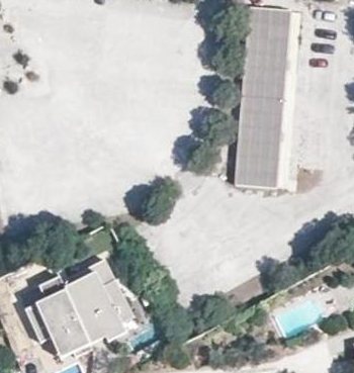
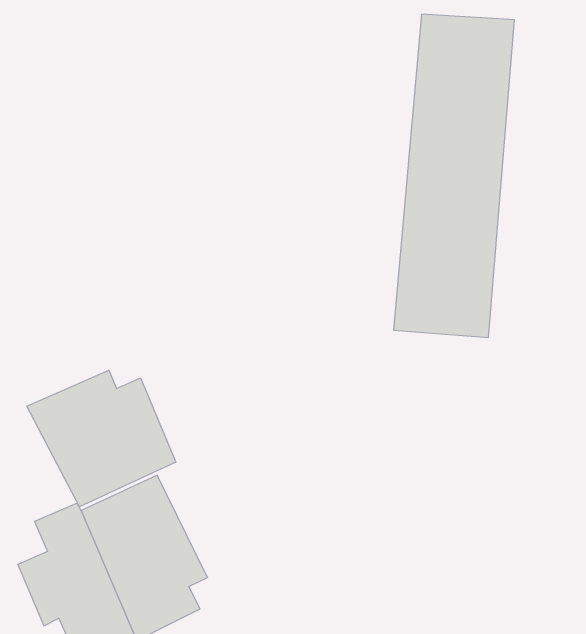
building: none -> [27,370,176,507]

